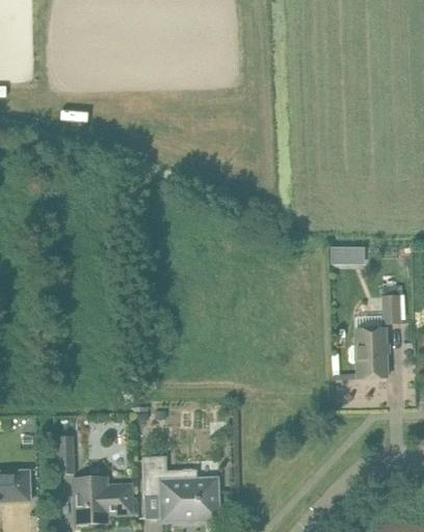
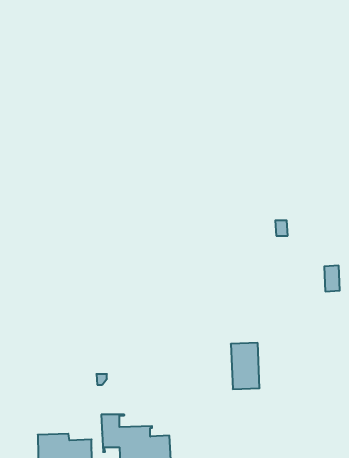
building: [356,328,388,378] -> [231,343,260,389]
building: [57,435,75,474] -> none

